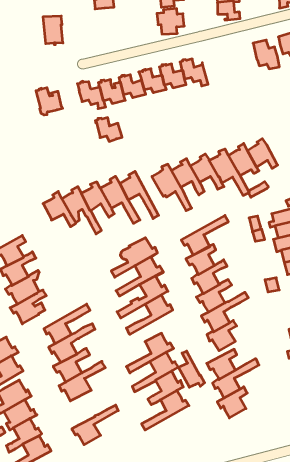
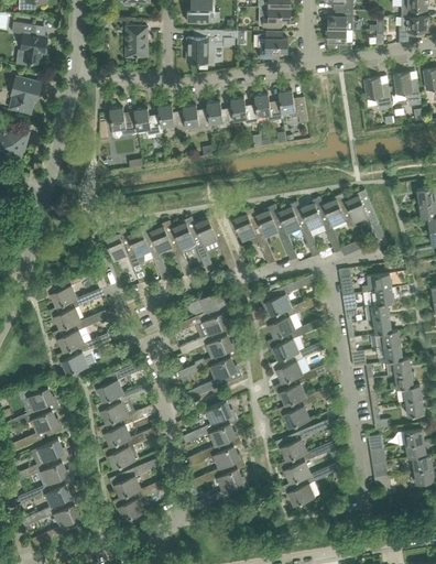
building: none -> [186,30,237,63]
building: [95,118,122,141] -> [133,108,162,135]
building: [178,351,205,387] -> none
building: none -> [108,462,151,497]

